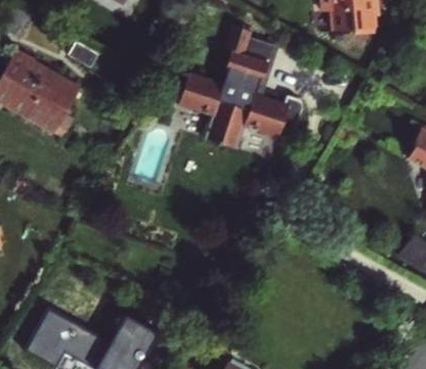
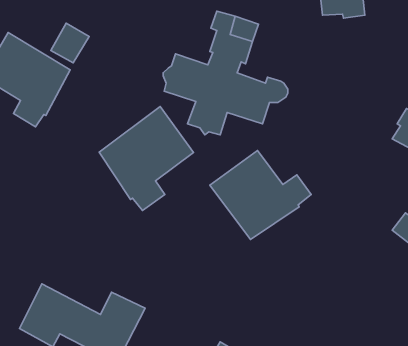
building: none -> [99,107,194,211]
building: none -> [210,151,311,240]

